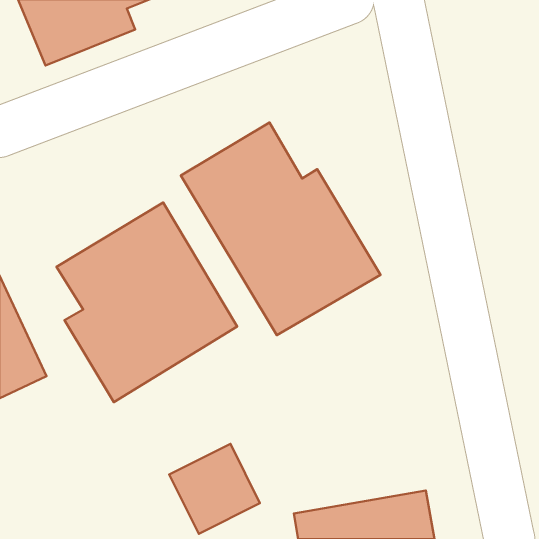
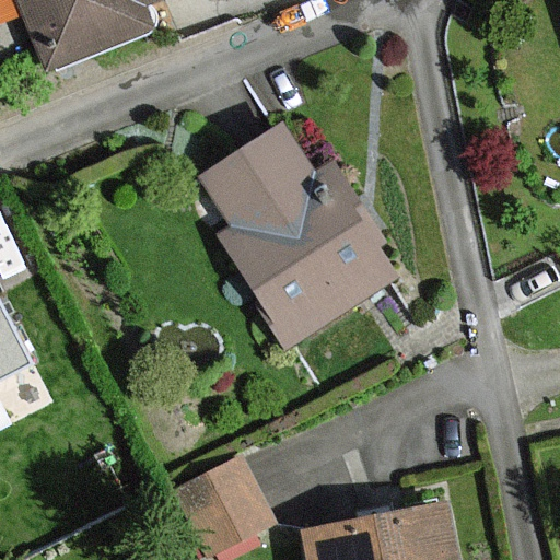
building: [56,202,237,402] -> none

